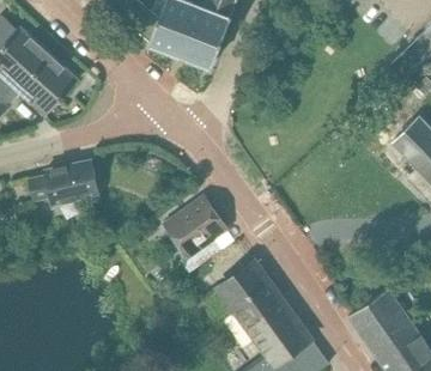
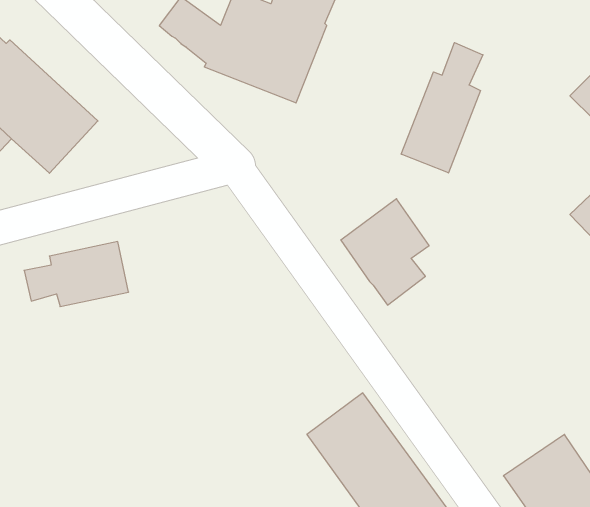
building: none -> [401,43,483,173]
building: [166,199,225,269] -> [341,199,429,305]

